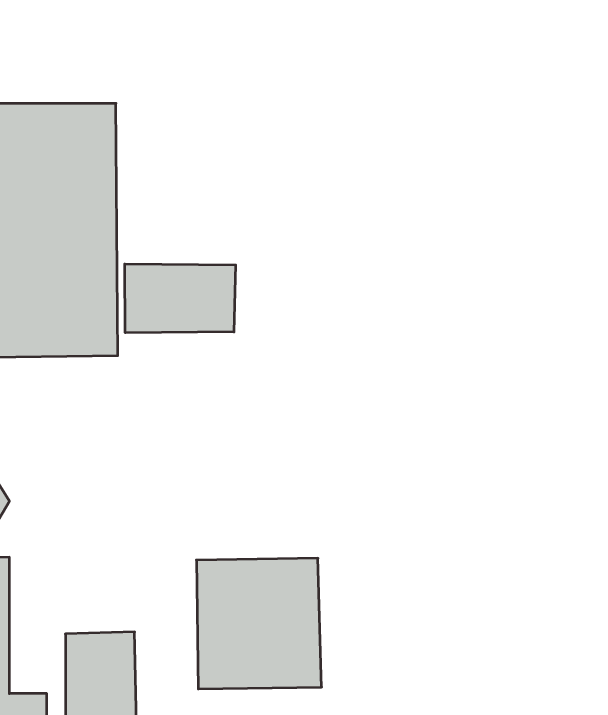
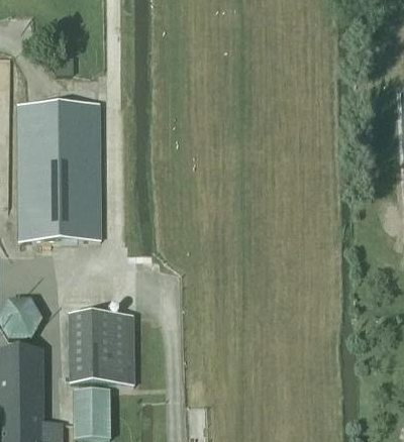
building: [125,264,236,333] -> none
building: [196,558,322,689] -> [68,313,135,383]

